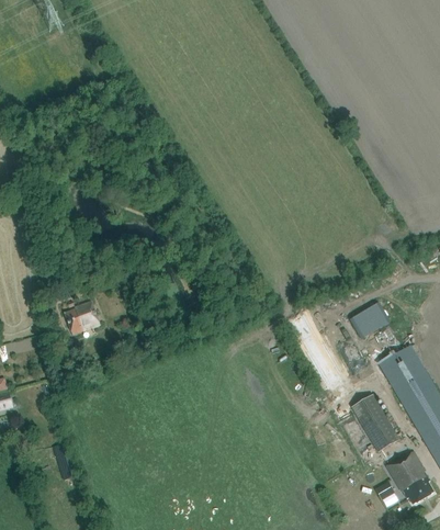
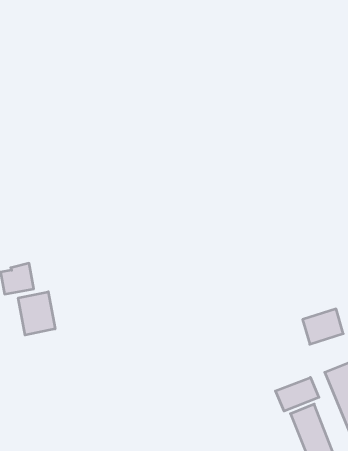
building: none -> [18,292,55,335]
building: none -> [275,377,319,411]

